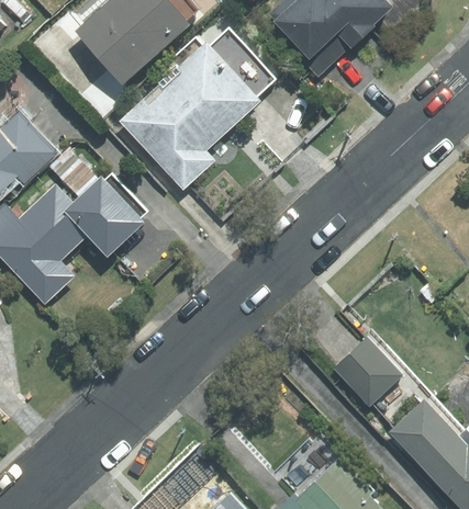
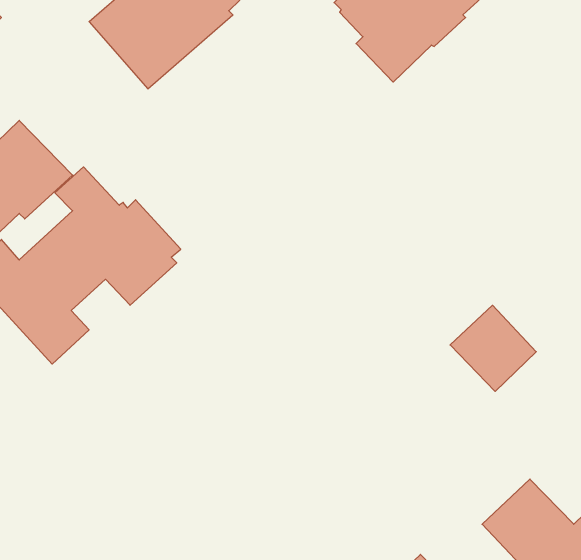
building: [122,27,275,188] -> none
building: [333,338,402,407] -> [450,305,536,391]

